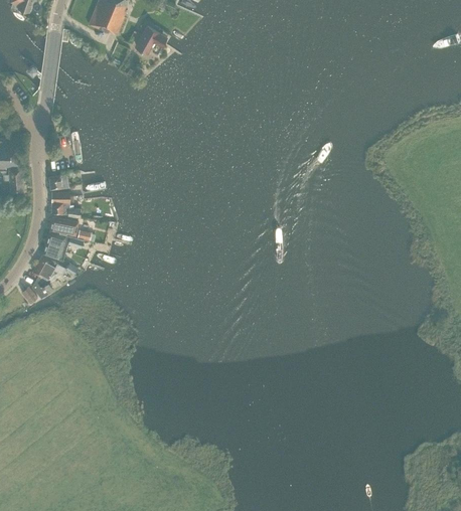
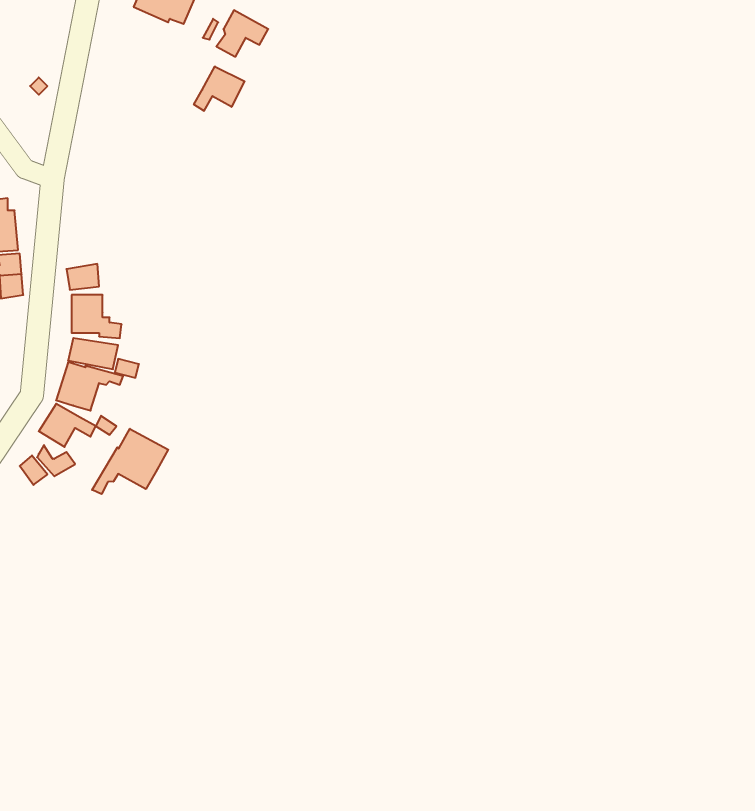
building: none -> [194,66,245,111]
building: none -> [92,429,168,494]

